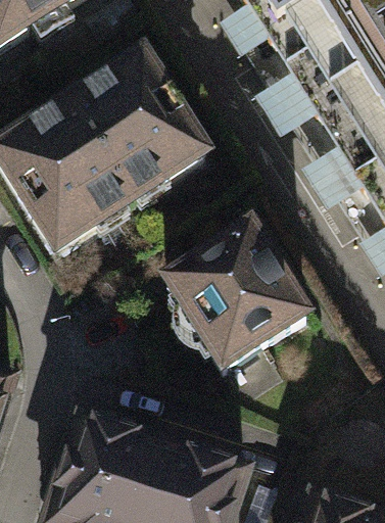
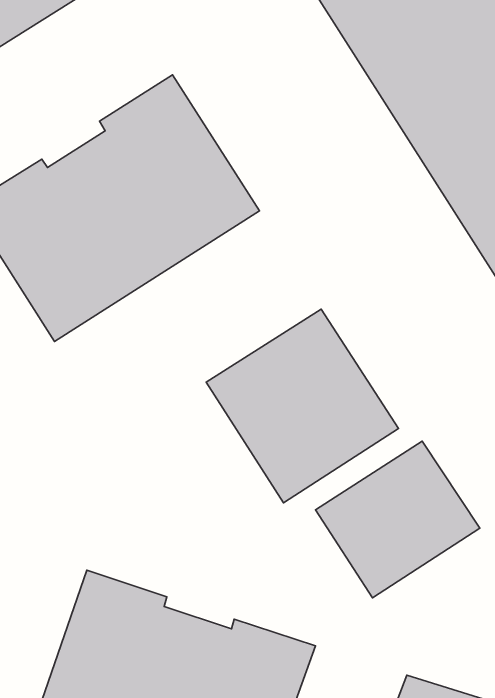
building: none -> [316,441,480,598]

